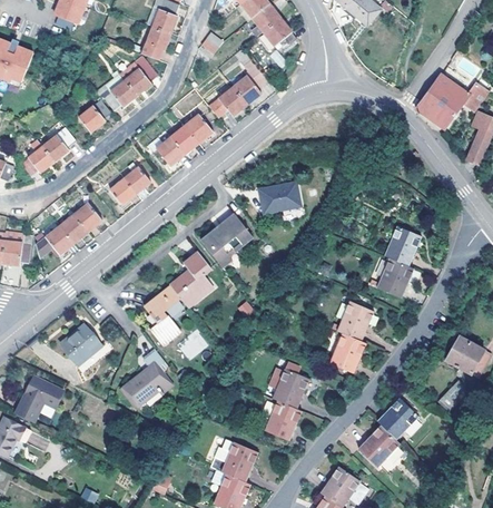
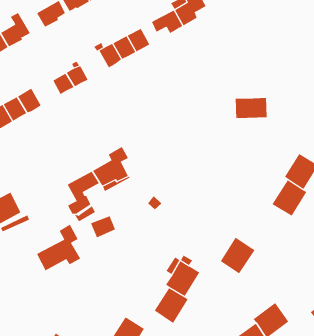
building: [260,183,300,213] -> [235,97,267,119]
building: [199,213,250,266] -> none
building: [337,301,375,341] -> none

